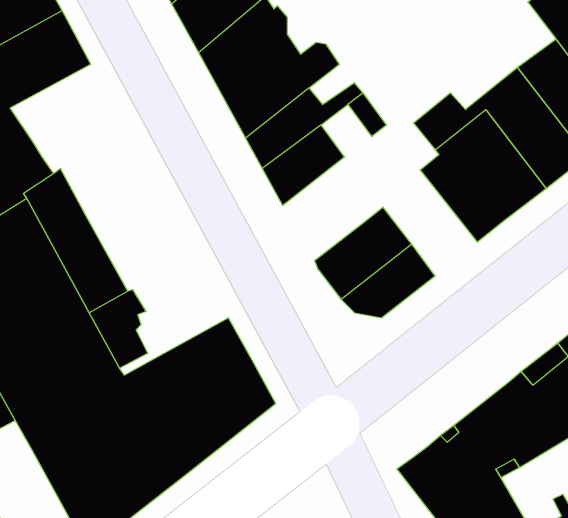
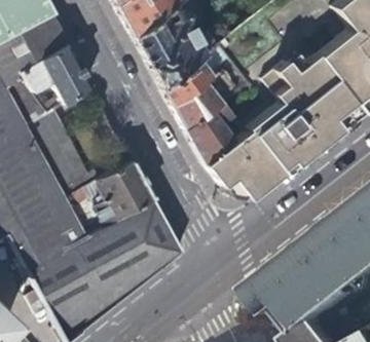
building: none -> [18,42,88,99]
building: none -> [185,99,236,162]
building: none -> [247,107,304,172]
building: none -> [85,158,152,232]

